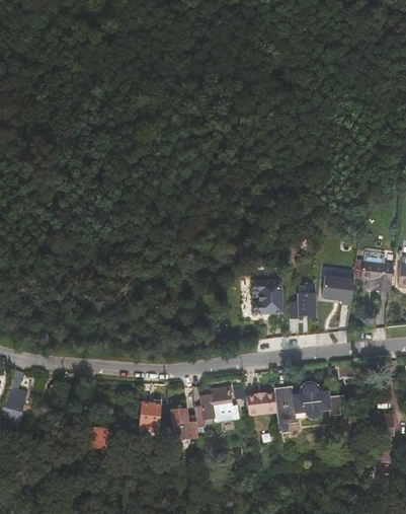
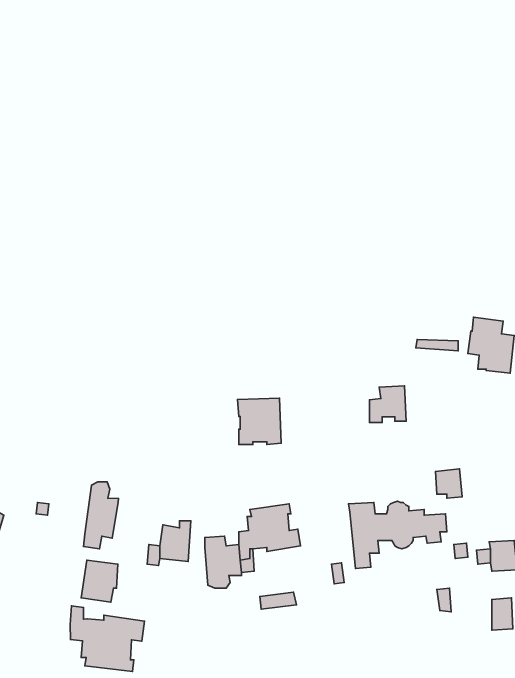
building: [323,281,353,310] -> none
building: [251,284,282,317] -> [237,398,281,444]
building: none -> [83,482,118,549]
building: [246,389,277,415] -> none
building: none -> [70,606,145,672]

